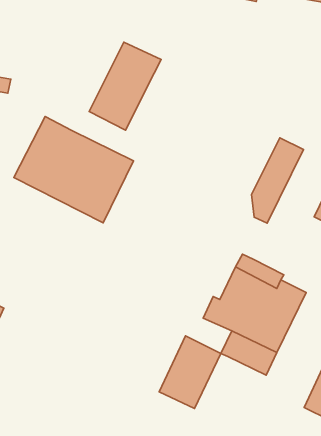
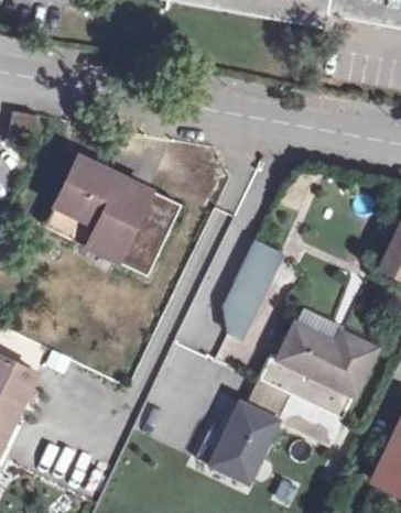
building: [89,42,161,130] -> none
building: [251,138,303,223] -> [223,241,281,337]

